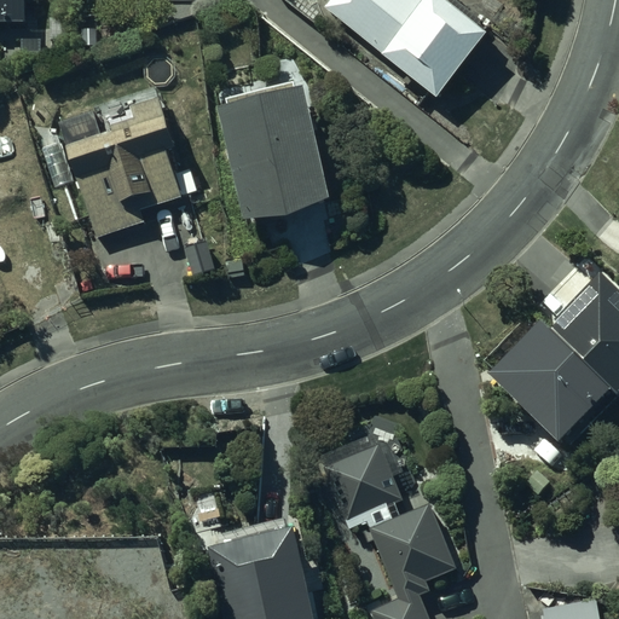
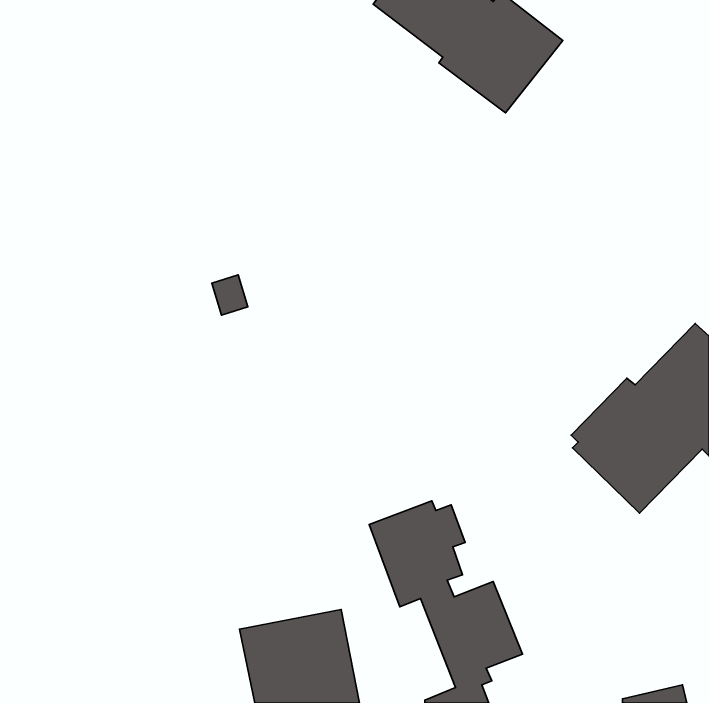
building: [218,85,330,220] -> none
building: [59,99,184,233] -> none

